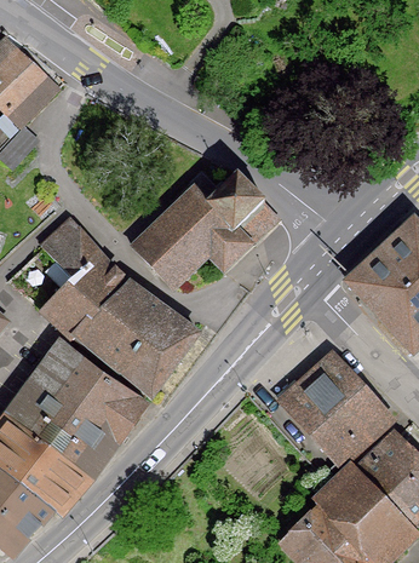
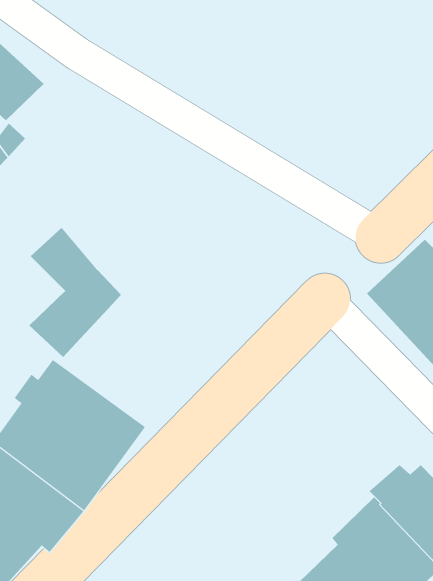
building: [133,172,265,288] -> none
building: [73,281,199,398] -> none
building: [283,356,392,465] -> none

